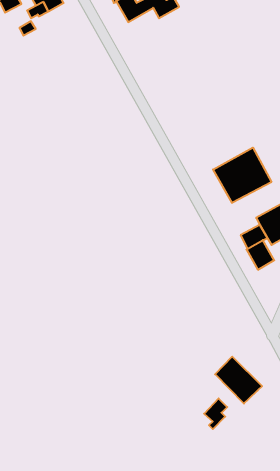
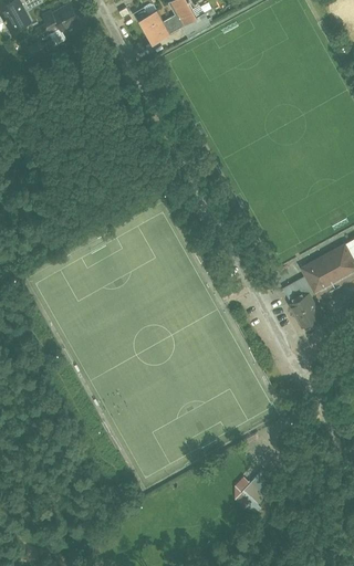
building: [213,148,271,203] -> none
building: [215,357,262,404] -> none

